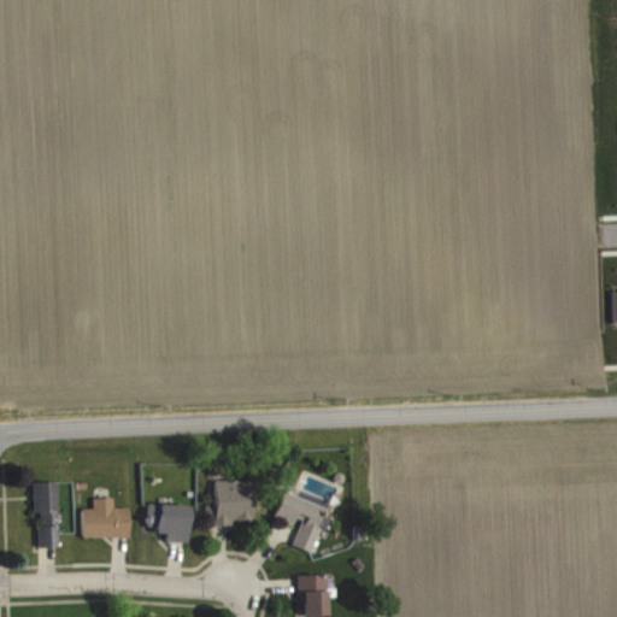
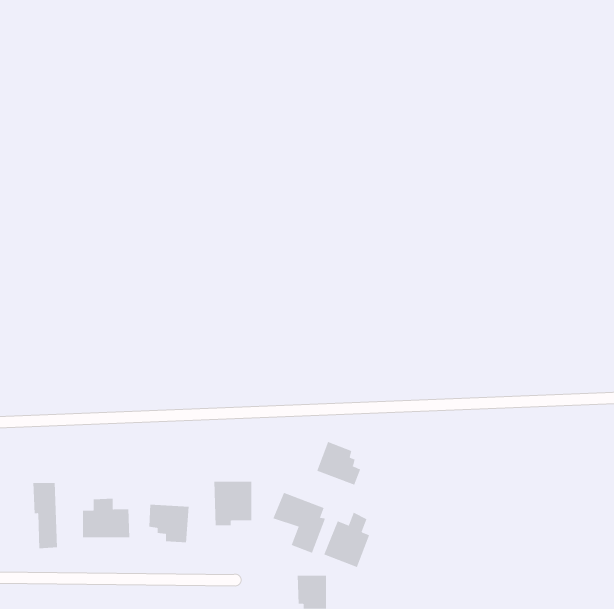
building: none -> [316,441,361,485]
building: none -> [323,512,370,568]

